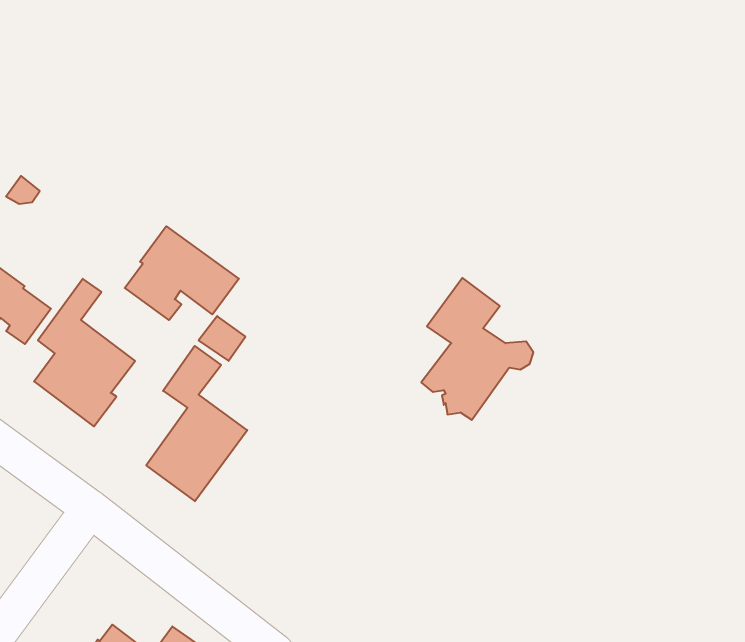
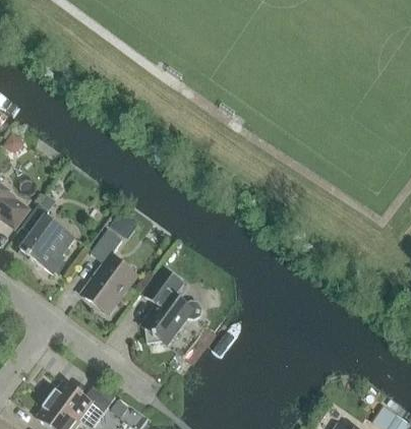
building: [125,226,239,320] -> none
building: [421,278,533,420] -> [140,267,201,345]

